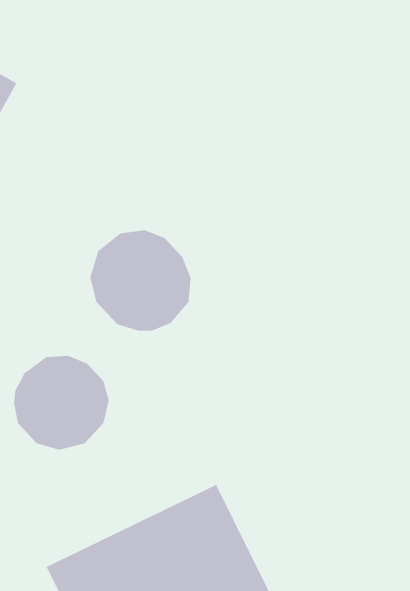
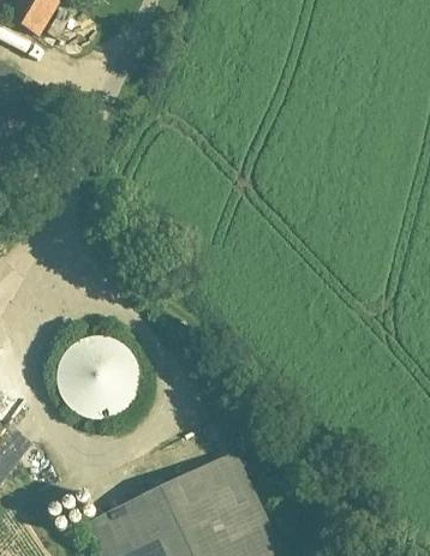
building: [90,230,191,332] -> none

